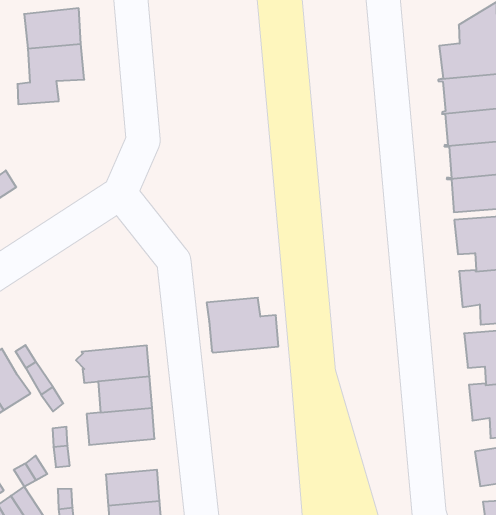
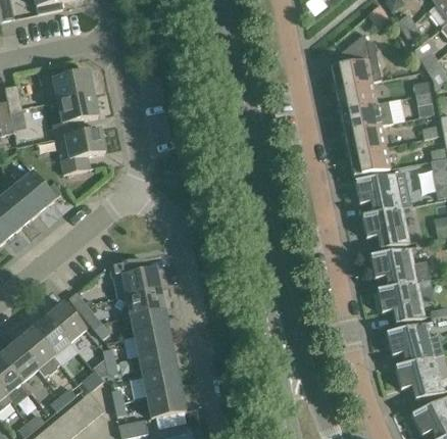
building: none -> [56,128,105,174]
building: [207,298,278,353] -> [109,257,160,297]
building: none -> [139,349,177,377]

